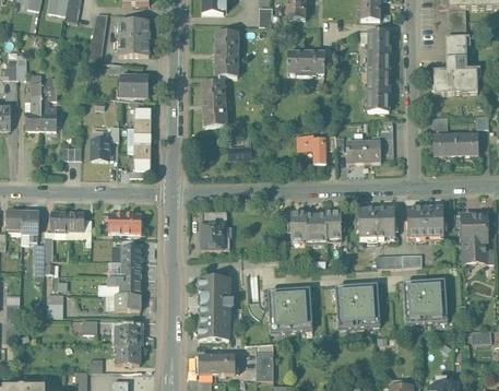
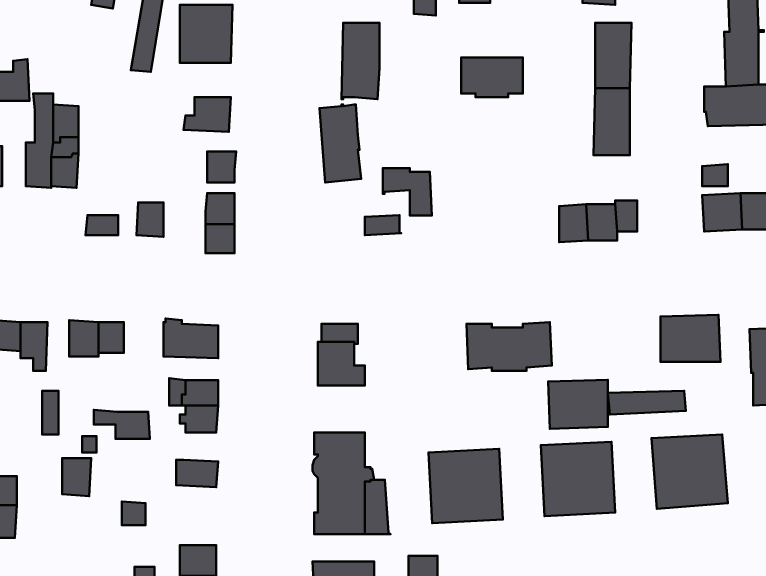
building: [297,135,326,164] -> [383,168,432,215]
building: [358,208,394,237] -> [548,380,608,429]
building: [107,276,141,294] -> [94,410,150,439]
building: [116,327,140,345] -> none

